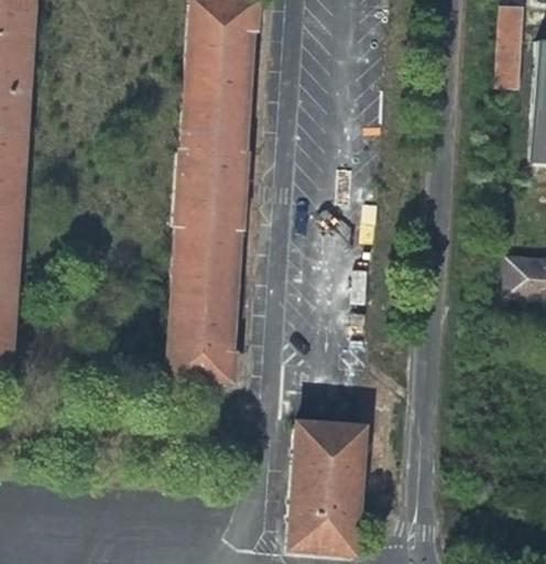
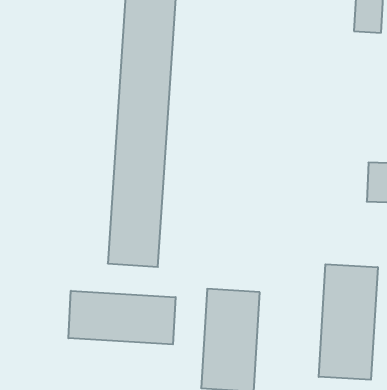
building: none -> [319,264,378,380]
building: none -> [68,291,176,344]

